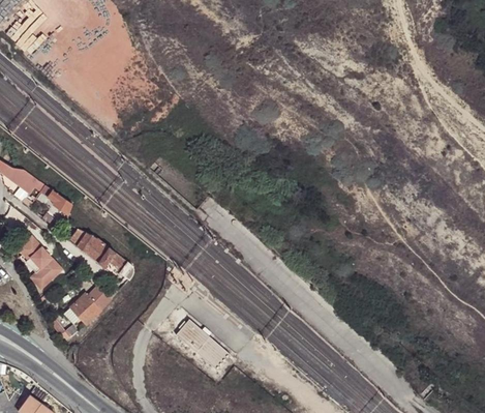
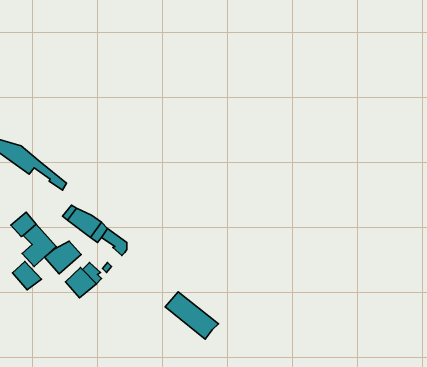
building: none -> [44,241,81,274]
building: none -> [12,262,41,290]

